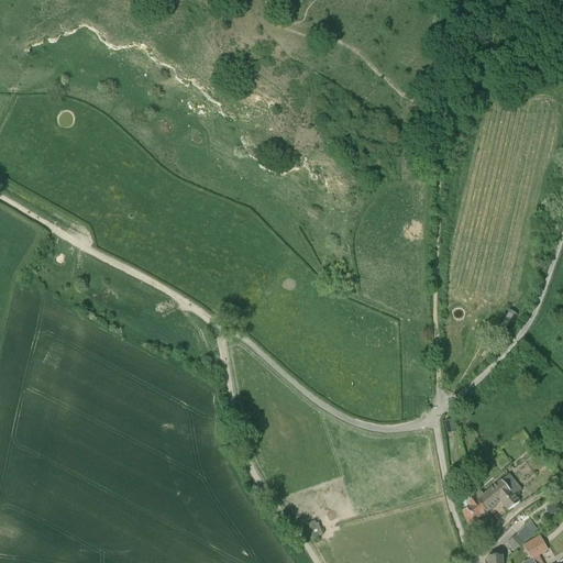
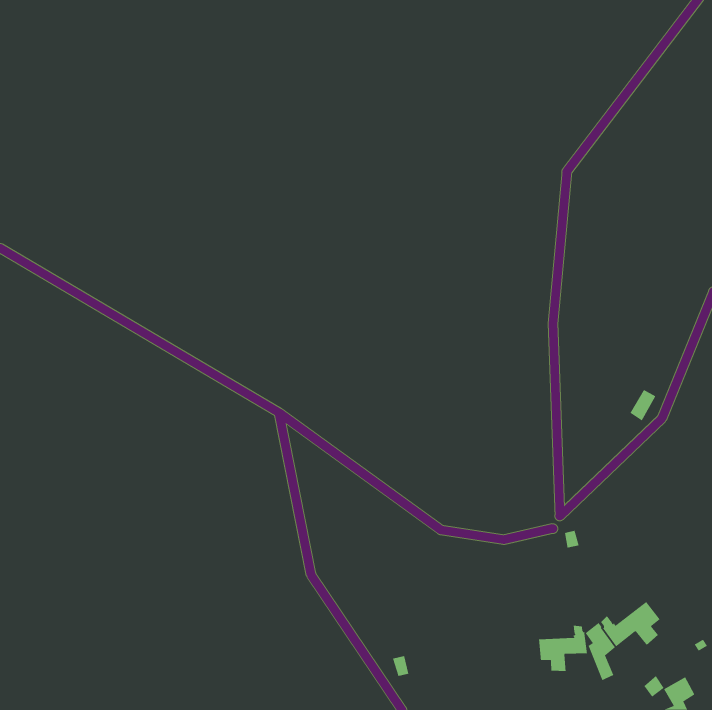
building: none -> [538,625,588,672]

